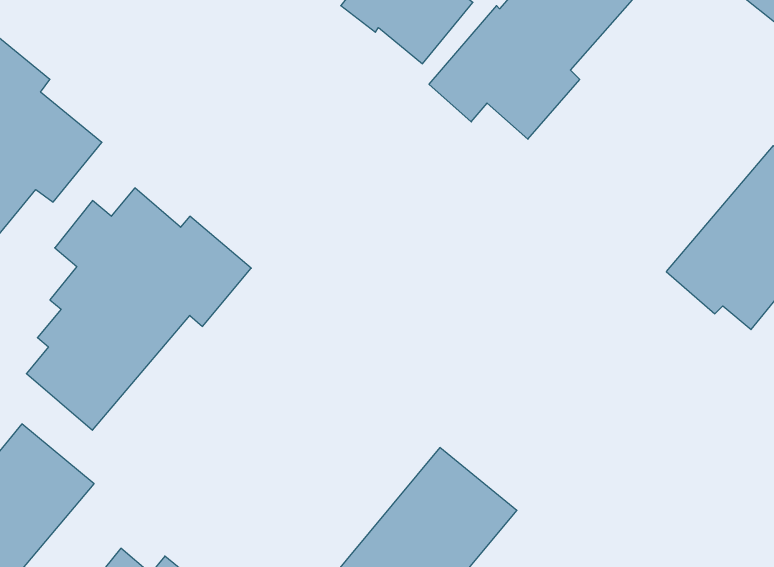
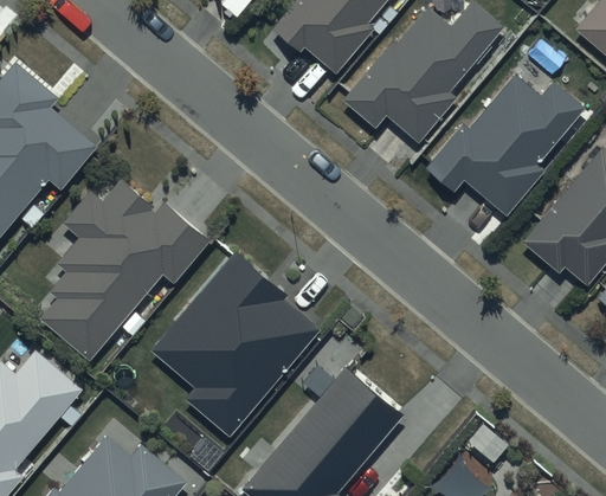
building: none -> [425,78,587,219]
building: none -> [152,253,317,439]

